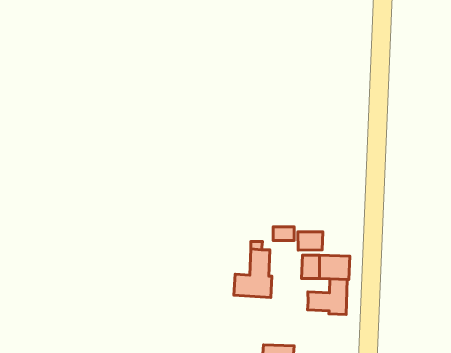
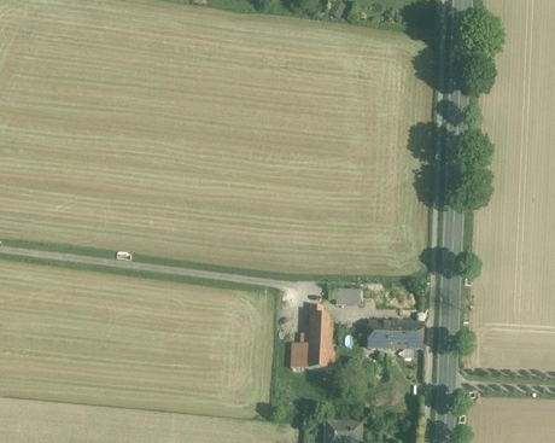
building: [298,232,323,250] -> none
building: [307,279,347,314] -> none

